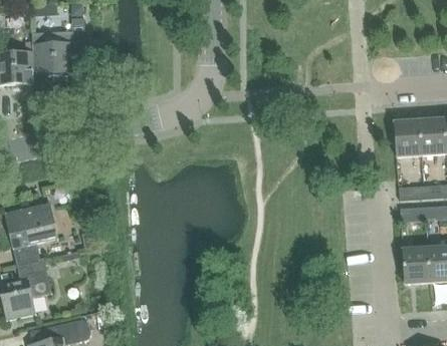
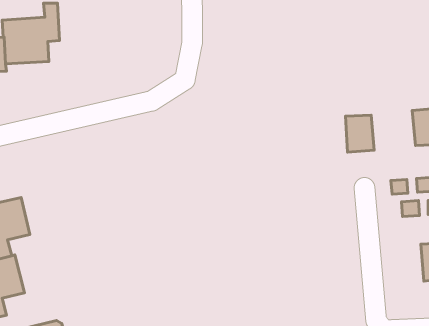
building: [395,120,422,155] -> [346,115,374,152]
building: [403,247,430,283] -> none

